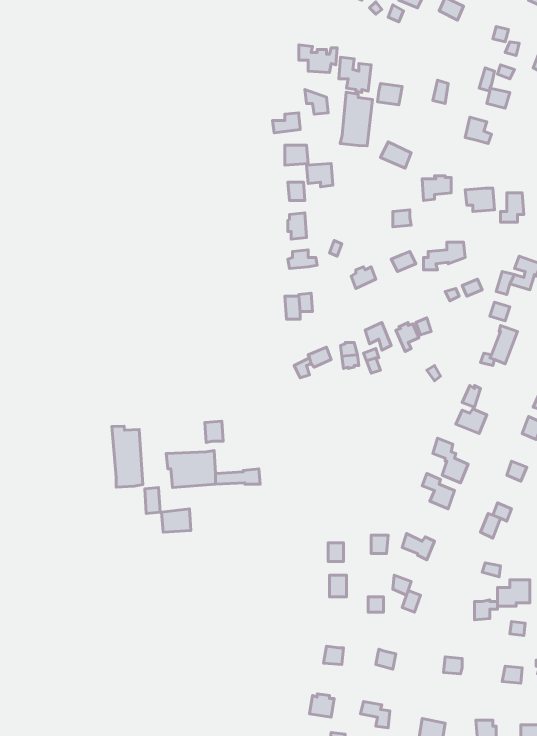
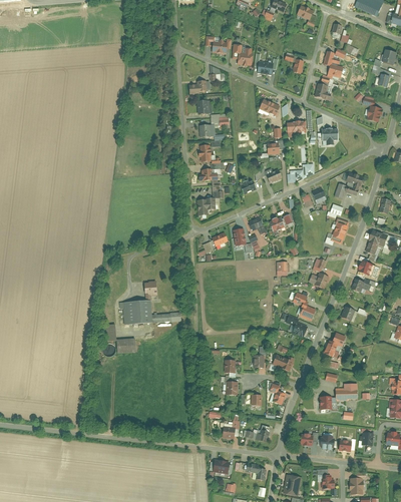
building: [340,92,373,146] -> none
building: [112,426,143,487] -> none

